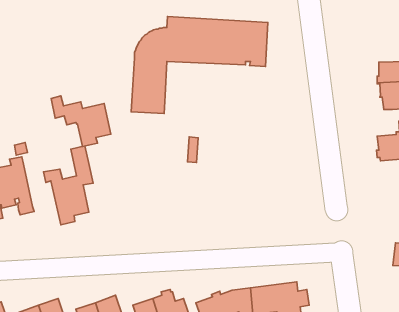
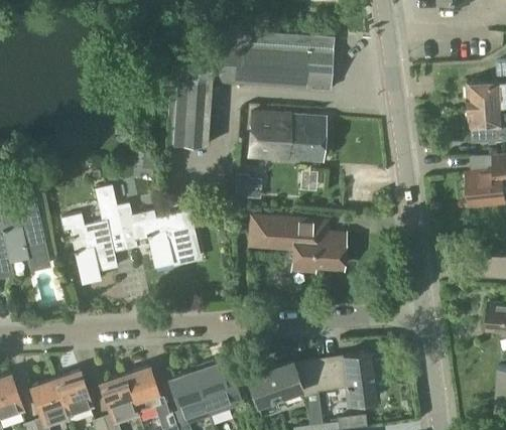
building: none -> [250,113,325,161]
building: [51,96,111,146] -> [117,204,189,266]
building: none -> [252,217,345,270]

